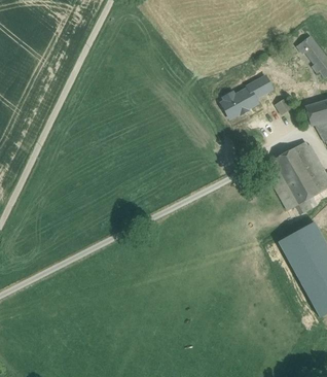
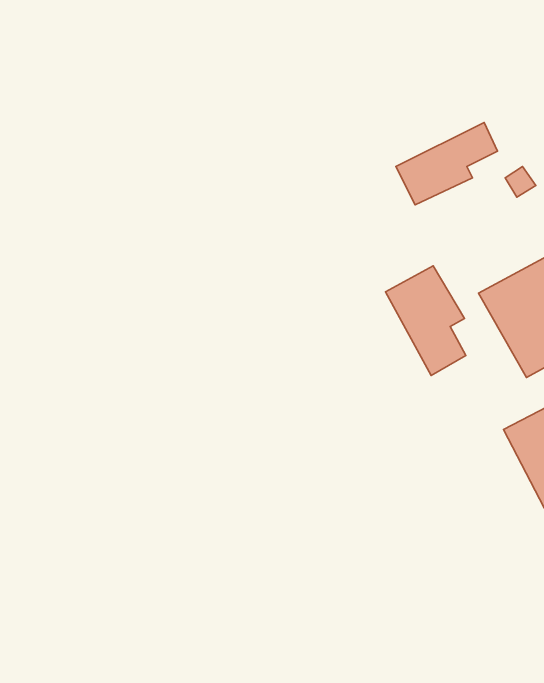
building: none -> [386,266,466,375]

